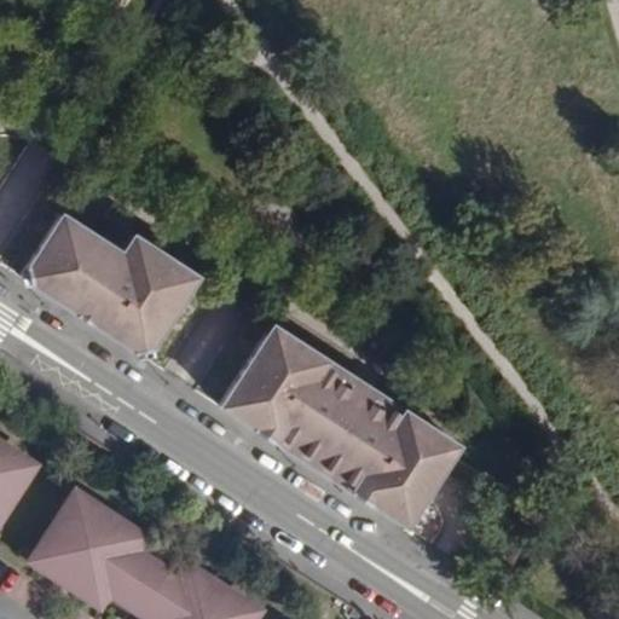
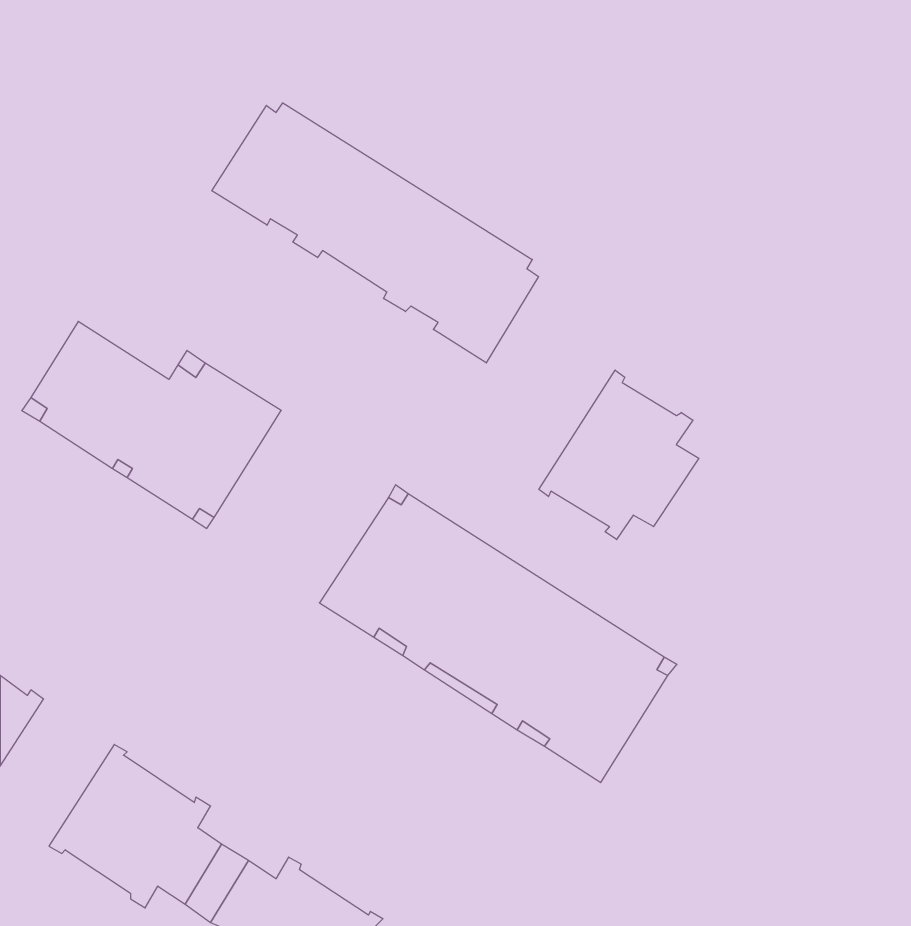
building: none -> [212,103,539,363]
building: none -> [539,370,699,540]

